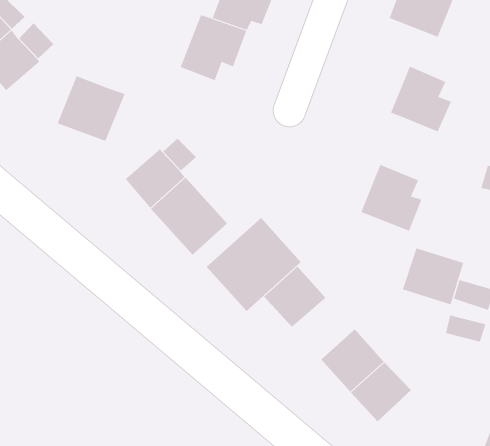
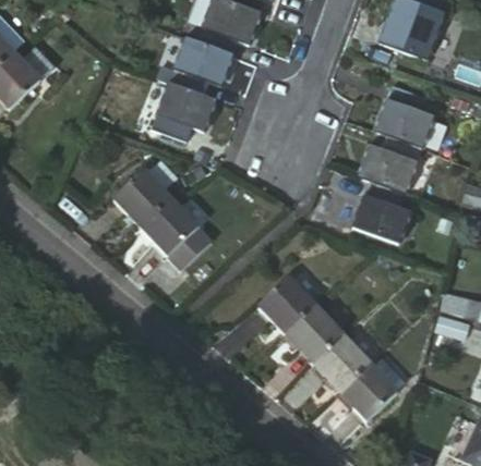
building: [57,75,125,142] -> [155,85,220,148]
building: none -> [356,132,420,193]
building: [206,217,302,312] -> none
building: [402,248,464,305] -> none
building: none -> [280,305,340,364]

